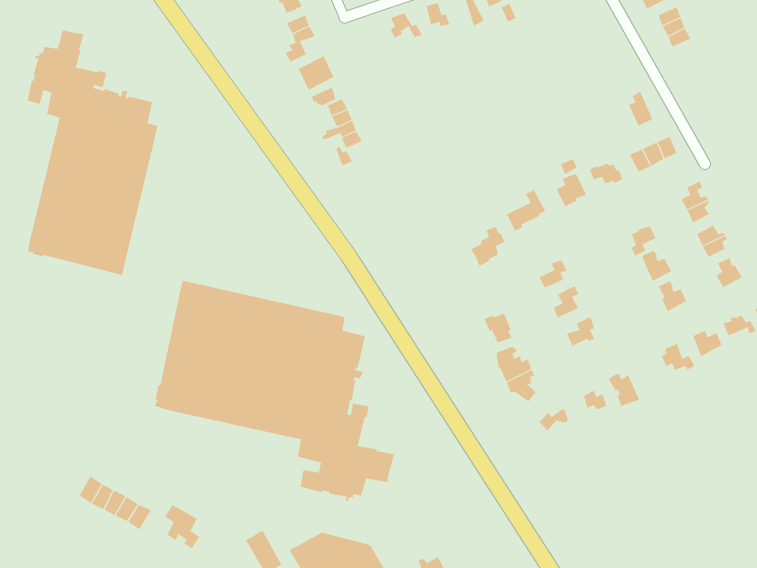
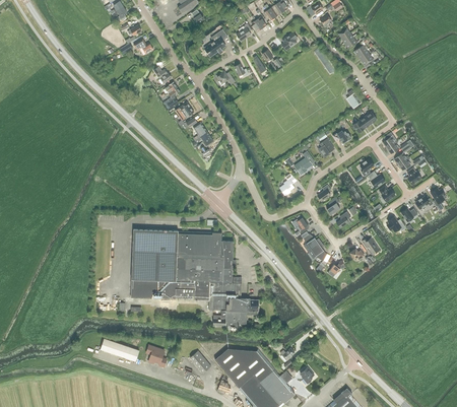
building: [27,29,158,276] -> none

